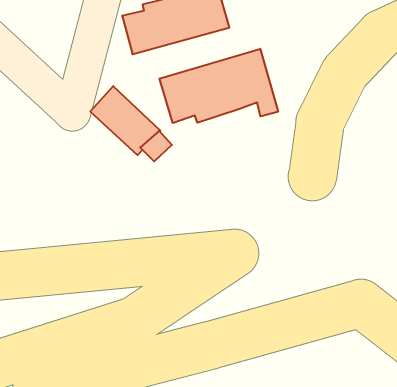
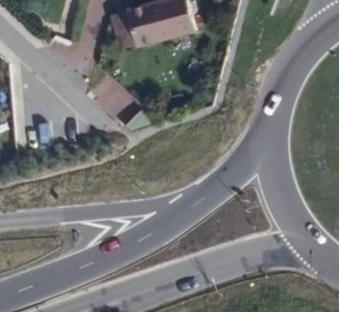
building: [159,49,278,123] -> none

